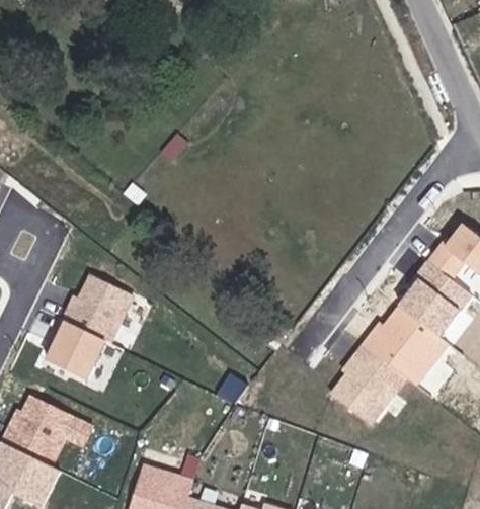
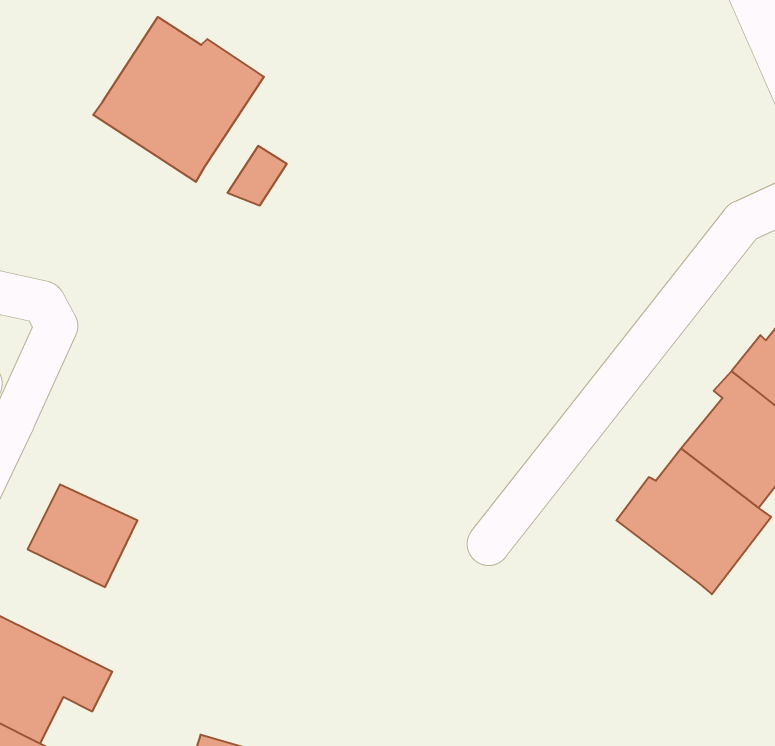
building: none -> [93,17,264,182]
building: [58,273,133,344] -> none
building: [341,342,421,425] -> none

